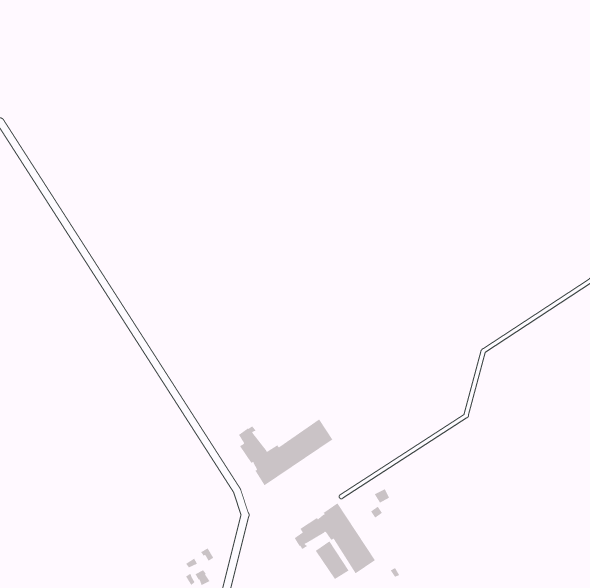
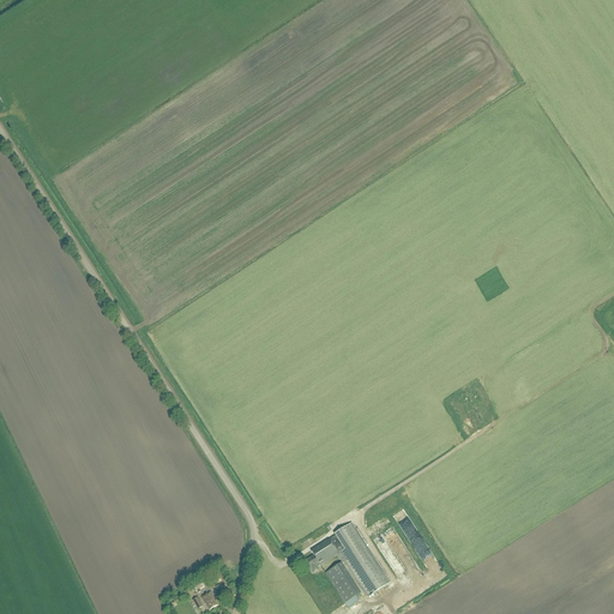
building: [238,419,333,486] -> none

